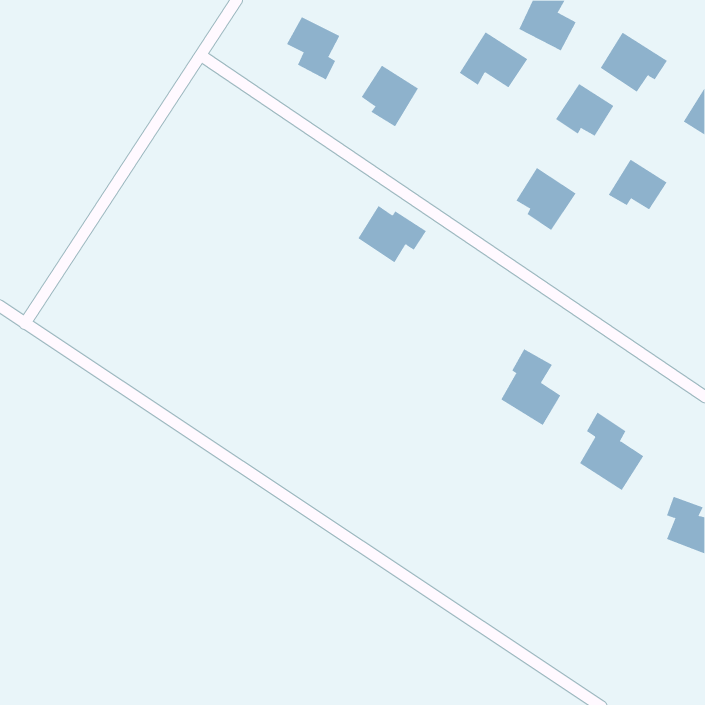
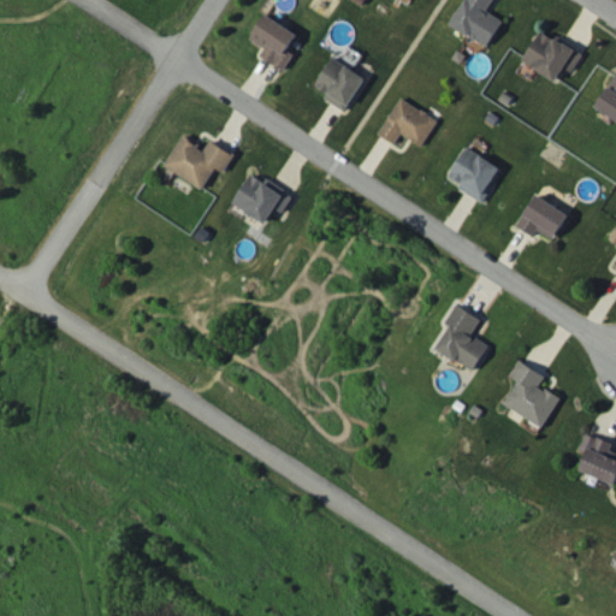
building: [459,31,528,88] -> [378,97,438,147]
building: [555,83,614,137] -> none
building: none -> [164,136,233,189]
building: [608,159,667,210] -> [516,195,568,239]
building: [358,205,427,263] -> [232,173,292,224]

